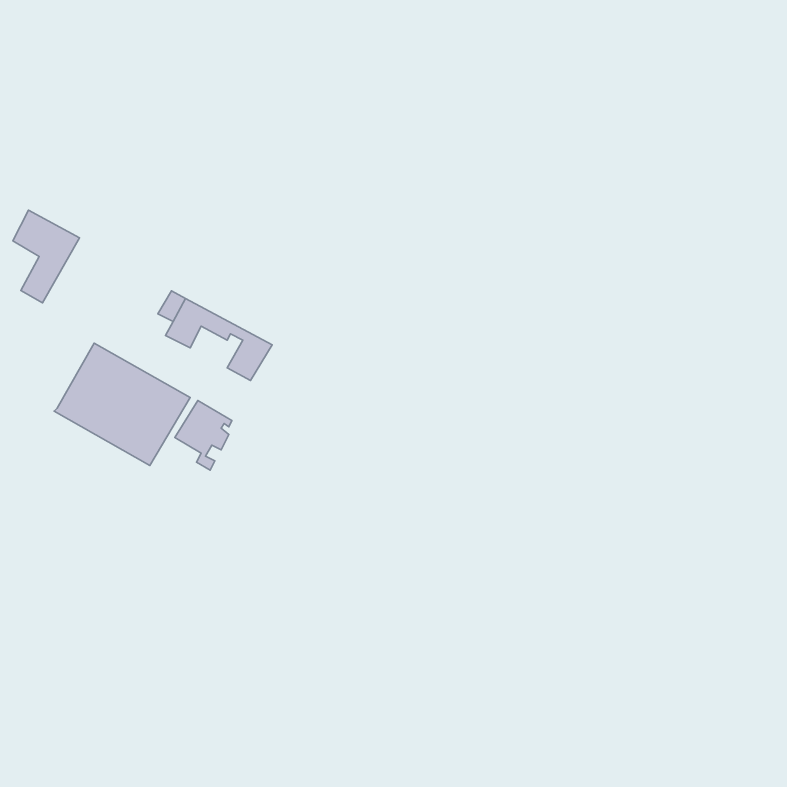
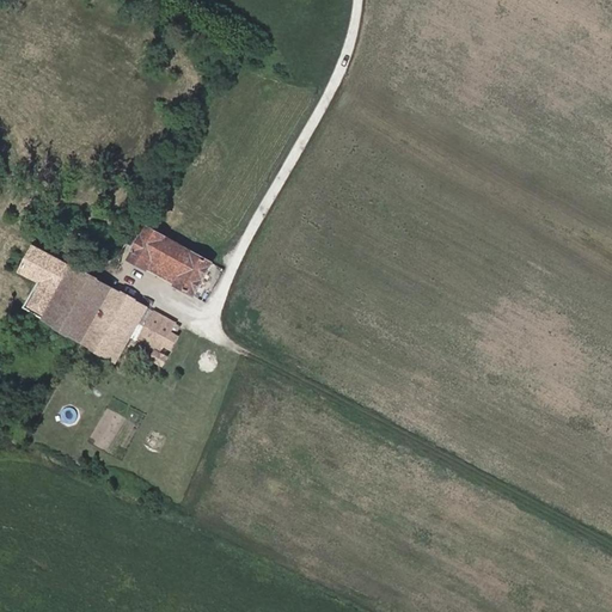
building: [13,210,79,303] -> [22,244,73,316]
building: none -> [147,252,188,284]

